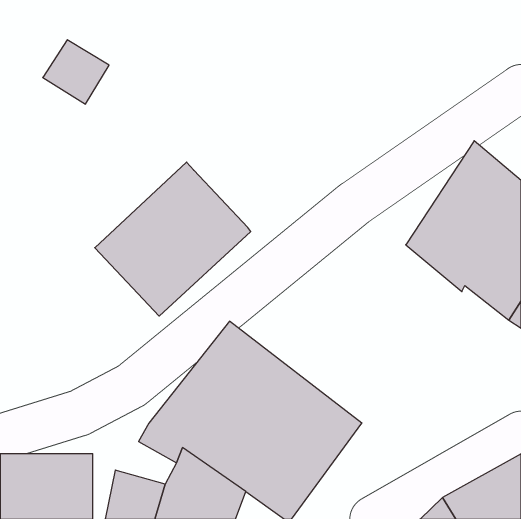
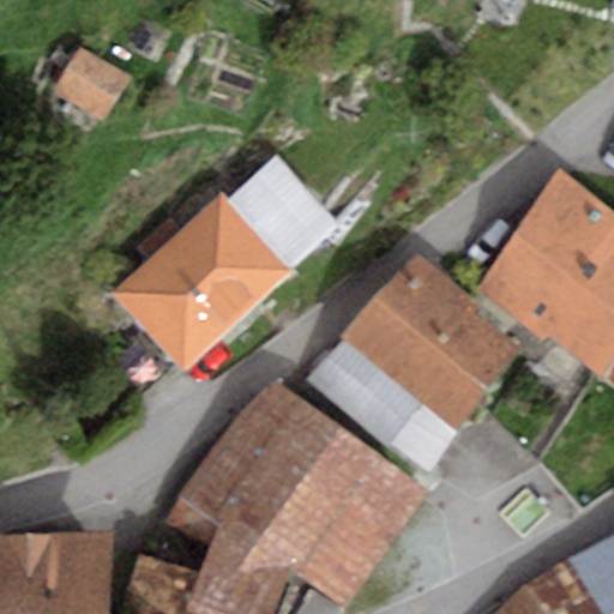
building: none -> [228,155,339,267]
building: none -> [311,253,519,474]

